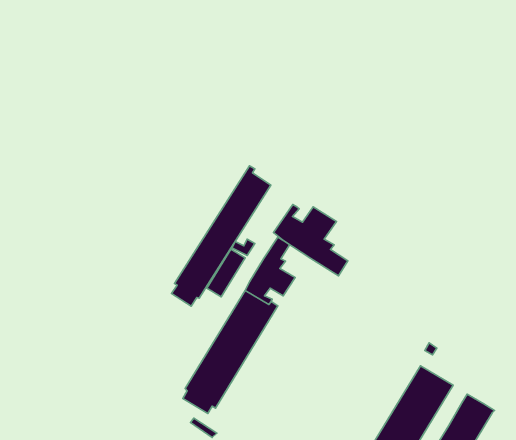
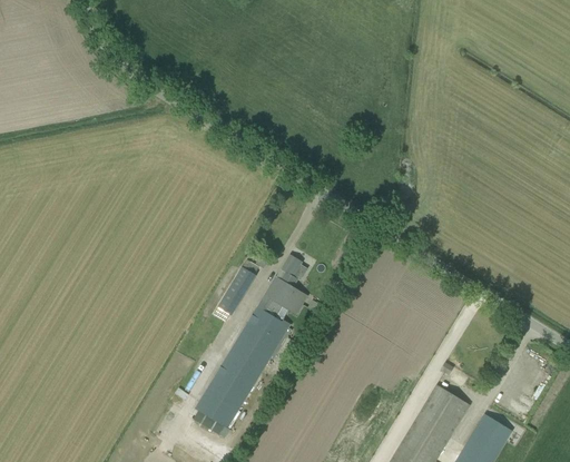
building: [171,166,271,306] -> none
building: [273,204,348,276] -> none

